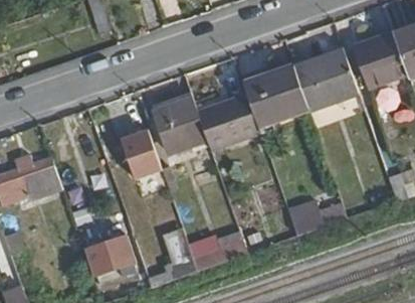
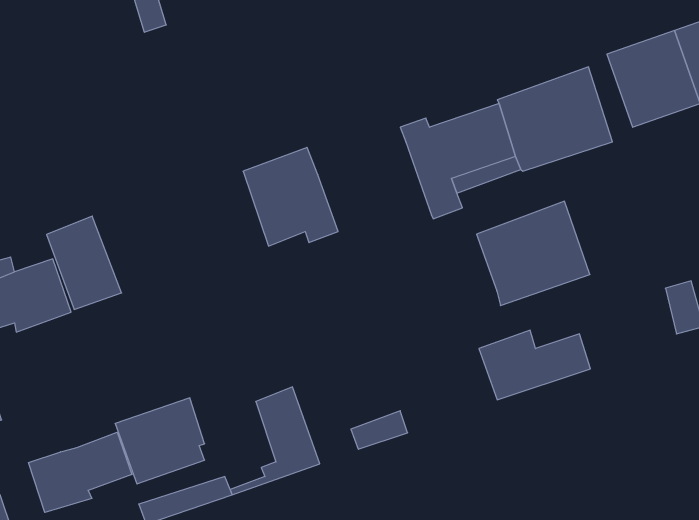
building: [196,93,258,150] -> [477,201,590,306]
building: [121,128,162,179] -> [47,216,122,309]
building: none -> [28,432,132,512]

